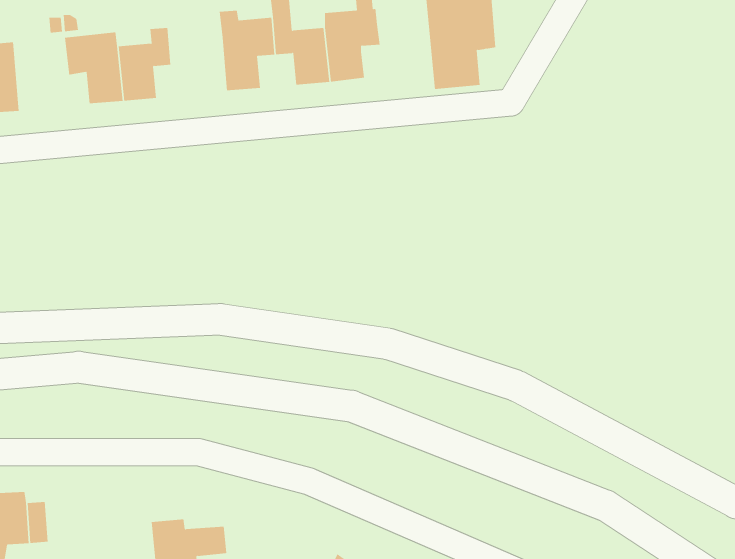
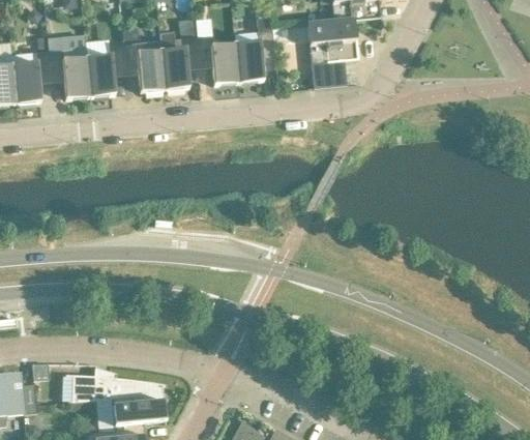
building: none -> [122,41,164,93]
building: none -> [11,52,51,105]
building: none -> [65,375,164,404]

